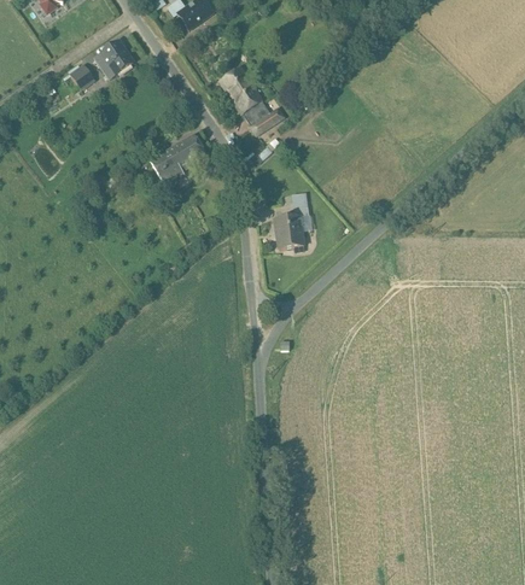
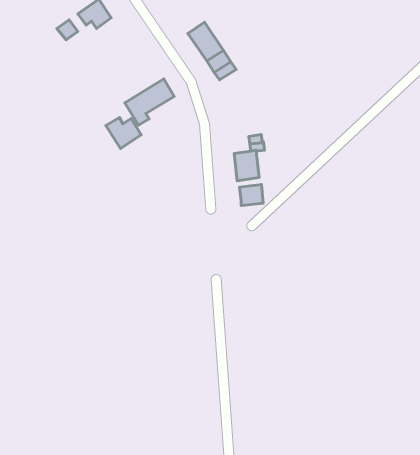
building: none -> [106,117,141,149]
building: none -> [240,185,263,206]

